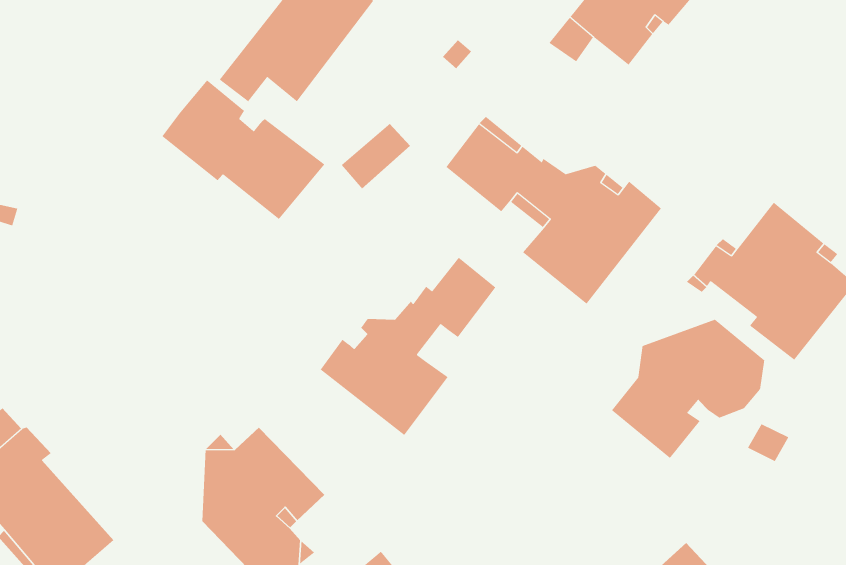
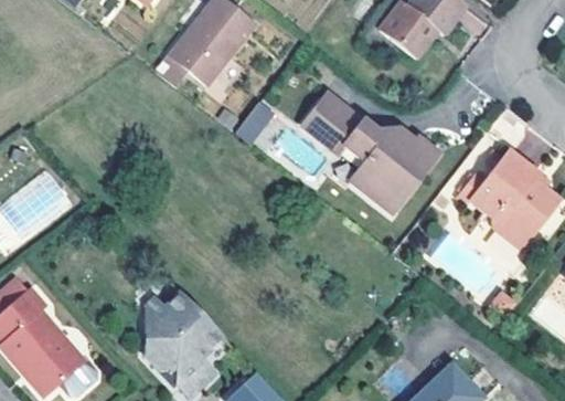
building: [161,79,325,220] -> none
building: [320,257,496,436] -> none
building: [611,319,765,459] -> none

